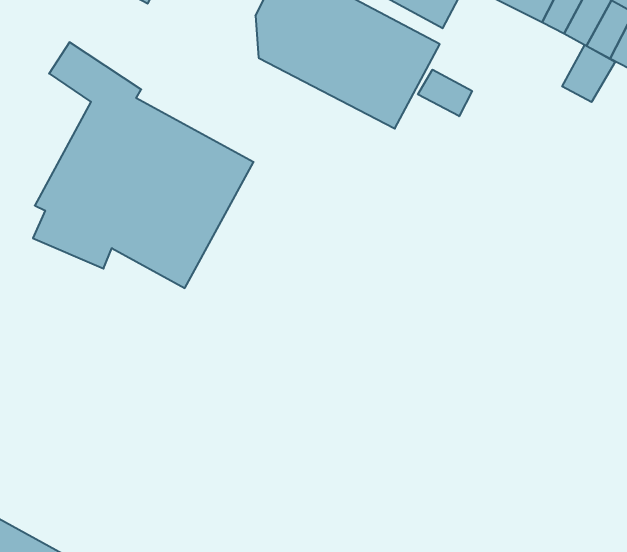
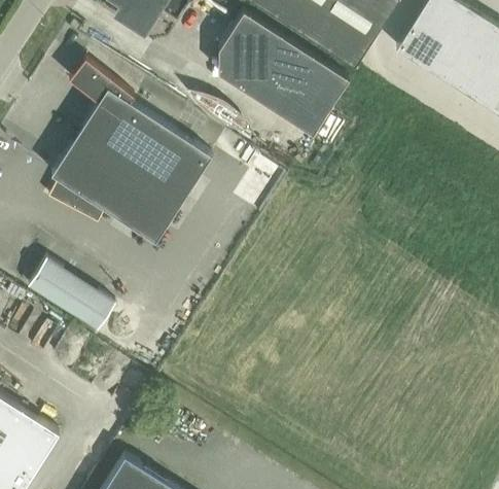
building: [562,45,615,102] -> none
building: [418,70,472,116] -> none
building: none -> [29,257,116,330]

